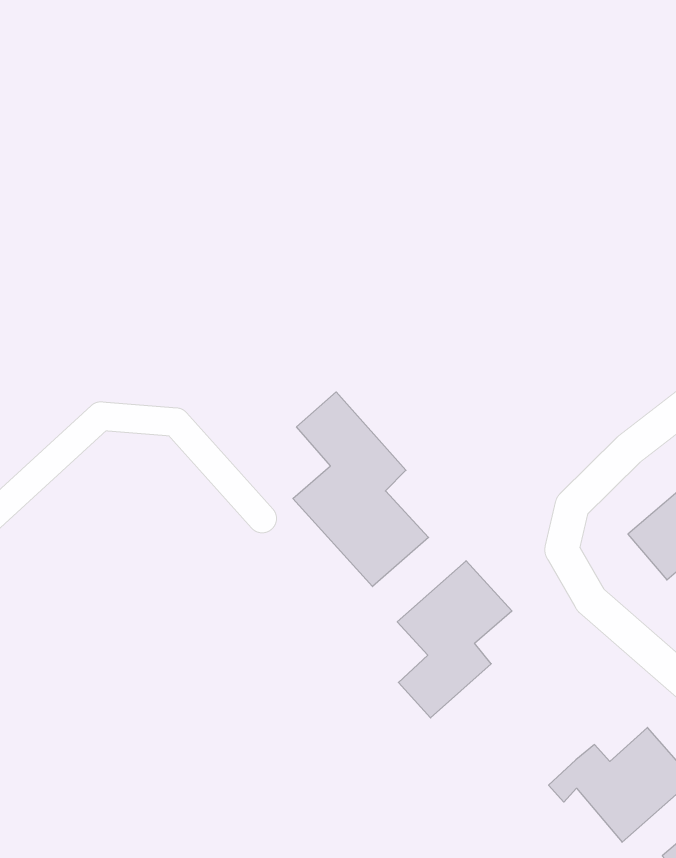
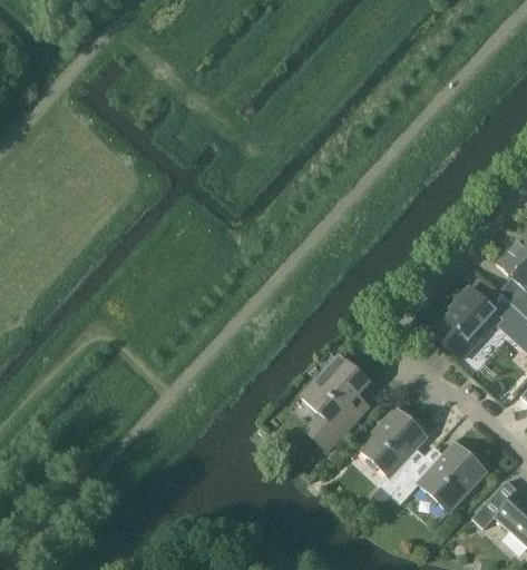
building: [293,392,429,587] -> none
building: none -> [360,407,428,493]

